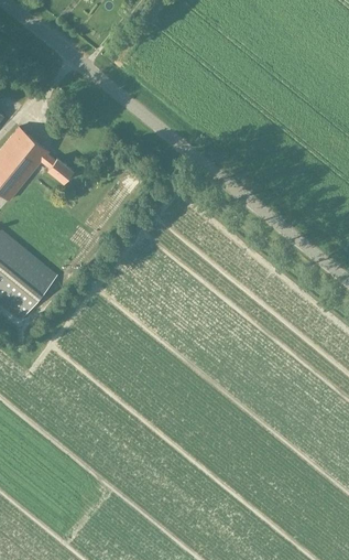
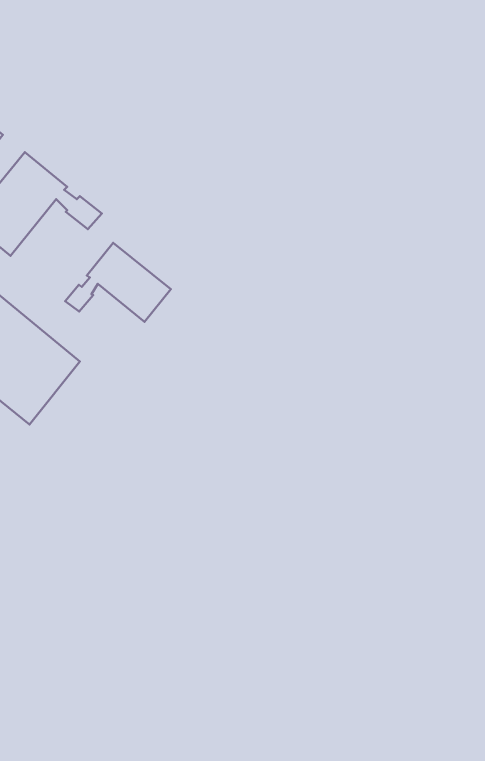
building: none -> [65,243,171,322]

